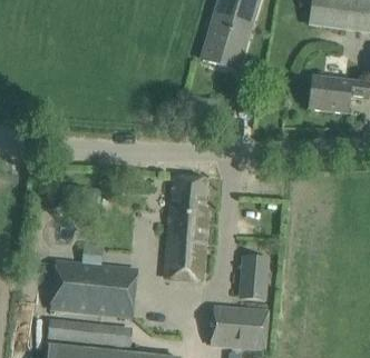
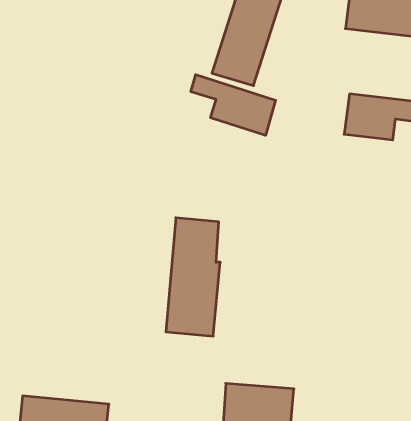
building: none -> [191,75,276,135]
building: [241,257,266,298] -> none
building: [51,259,138,317] -> none

